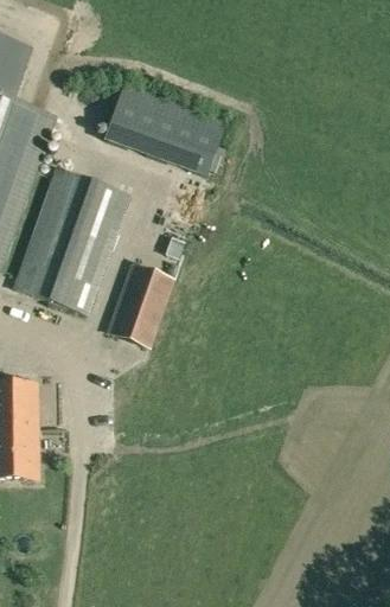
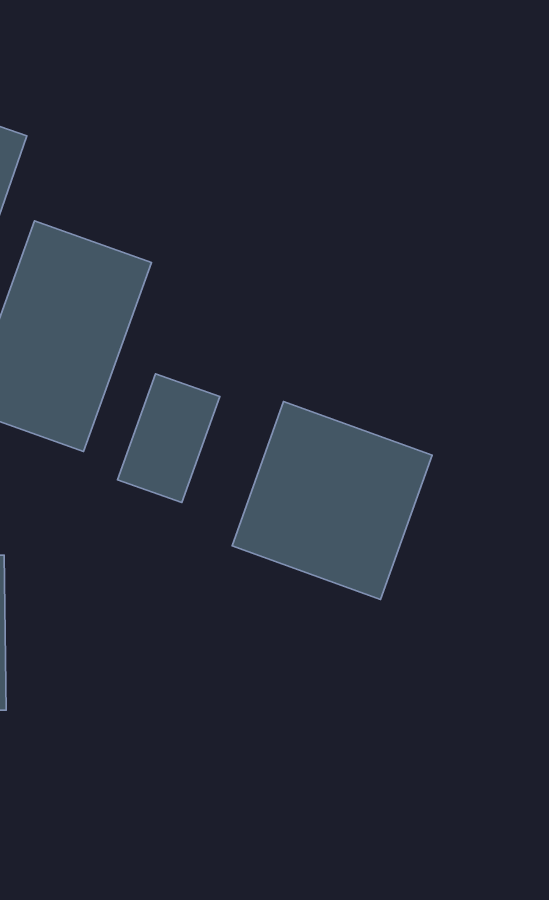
building: [103,84,223,174] -> none
building: none -> [232,402,432,599]

